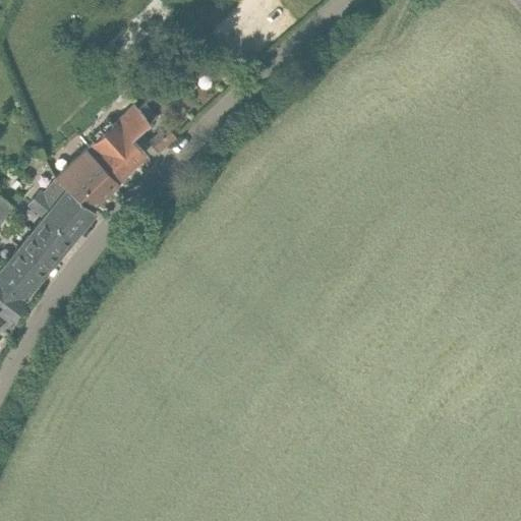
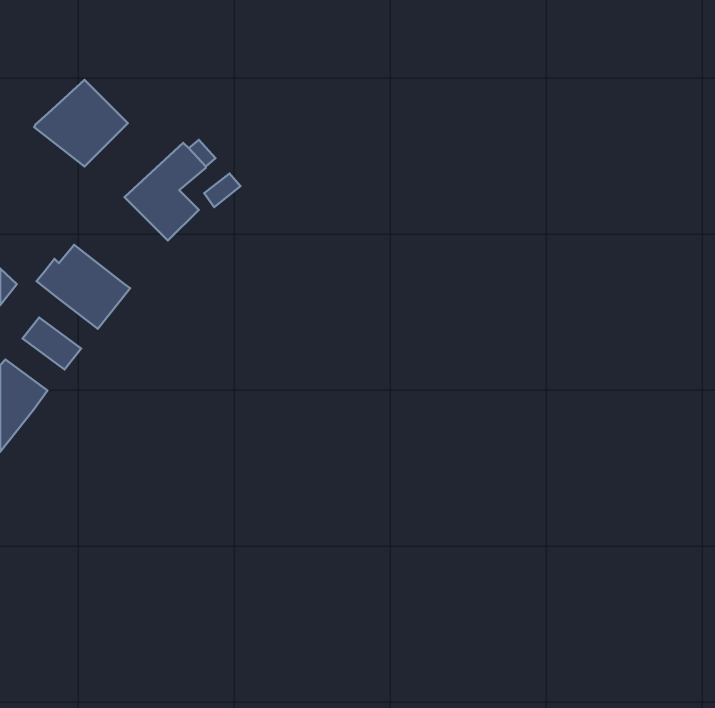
building: [54,149,122,212] -> [34,80,128,166]
building: [28,221,71,258] -> none
building: [4,251,47,289] -> none

